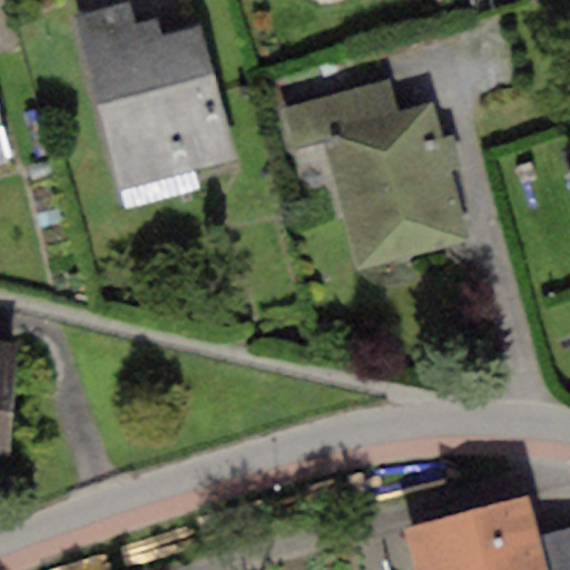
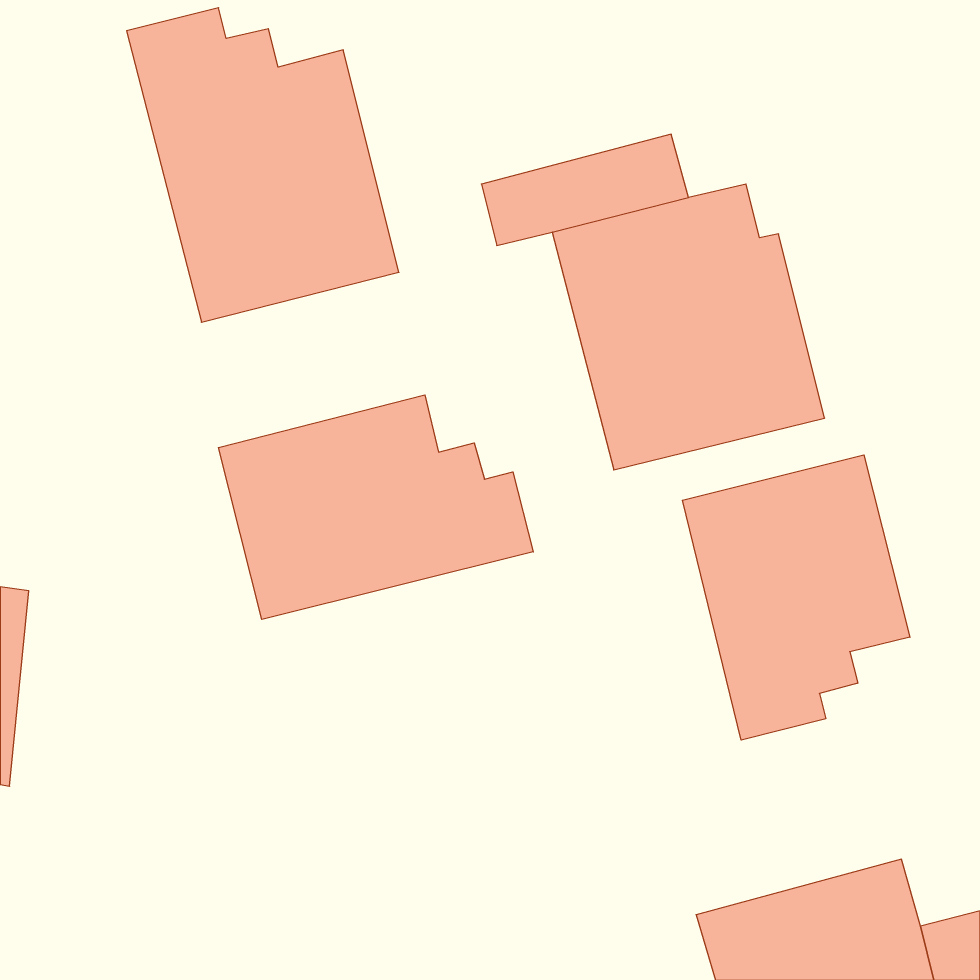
building: none -> [218,395,533,619]
building: none -> [682,455,910,740]

